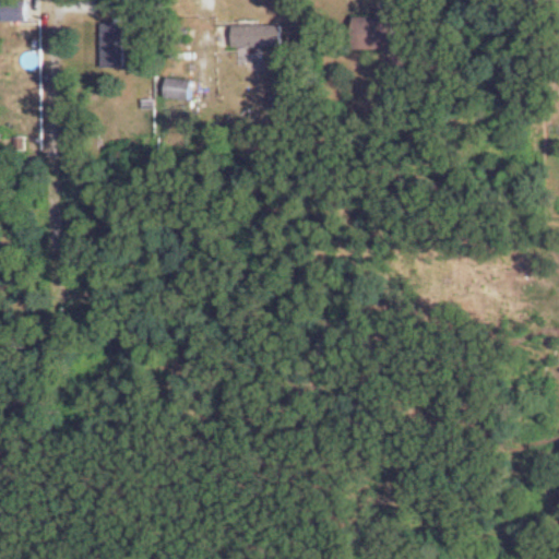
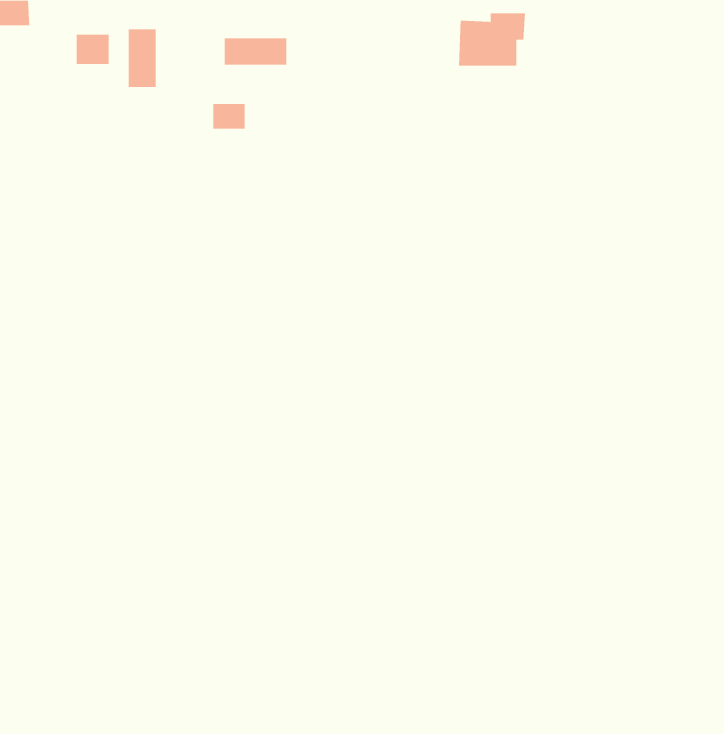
building: [229,25,277,46] -> [224,38,287,65]
building: none -> [76,34,109,65]

